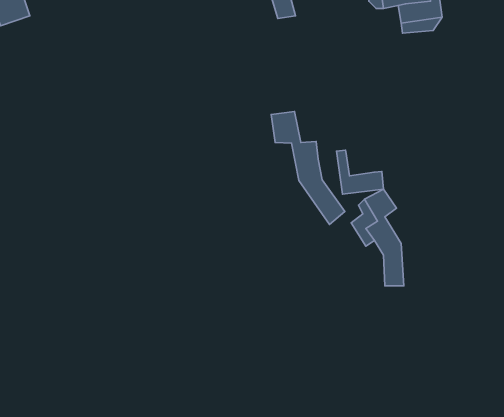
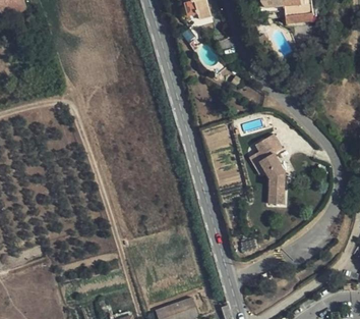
building: [271,111,345,225] -> none
building: [337,150,383,194] -> none

